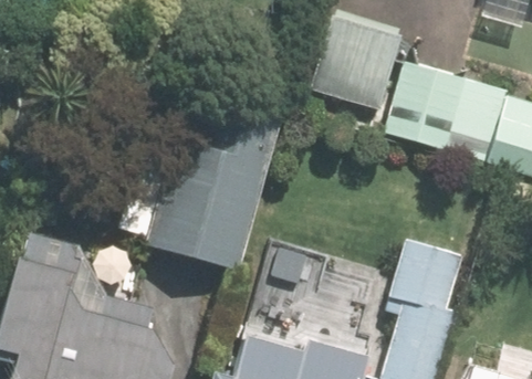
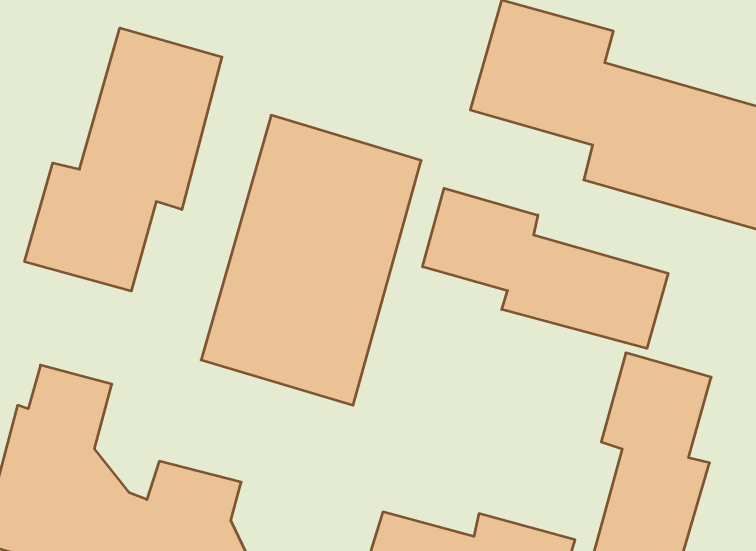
building: none -> [25,28,222,291]
building: none -> [423,188,668,348]

